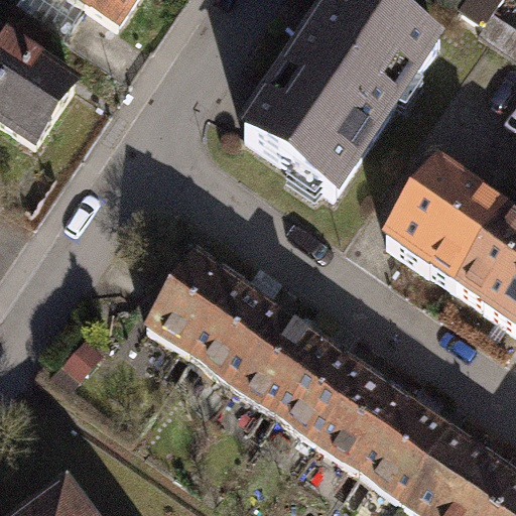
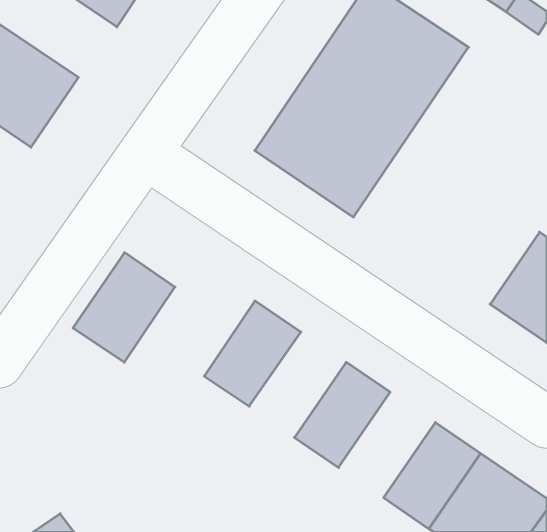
building: [388,168,506,285] -> none
building: [143,250,239,353] -> [73,253,175,362]
building: [234,311,325,410] -> none
building: [317,368,408,467] -> none

